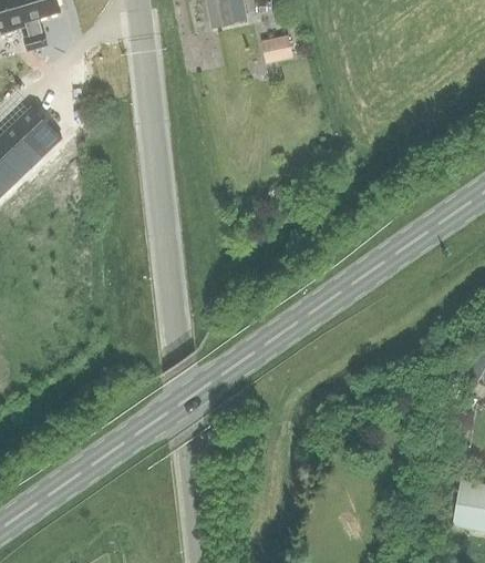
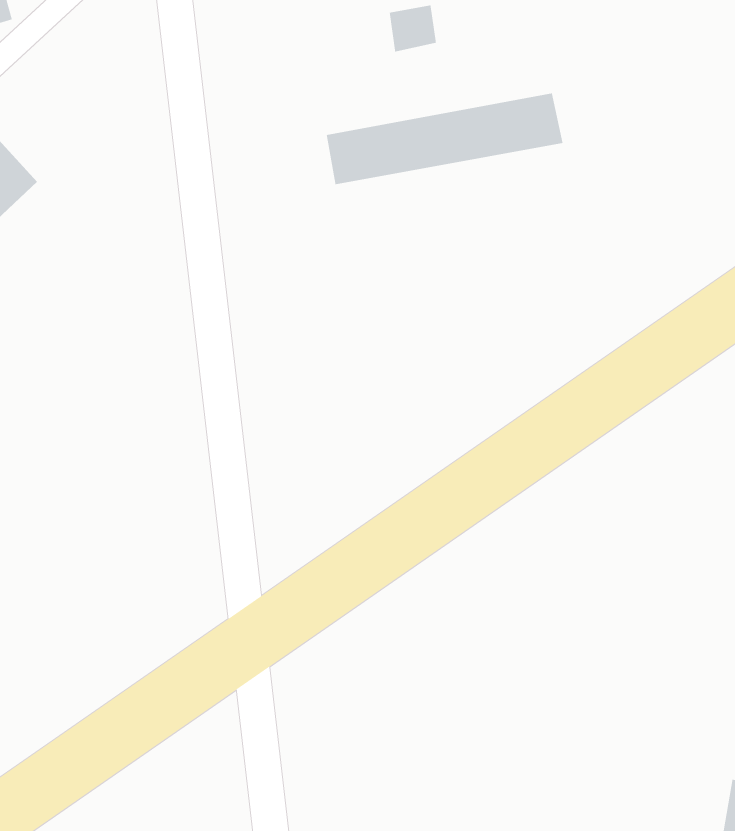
building: none -> [326,92,563,185]

